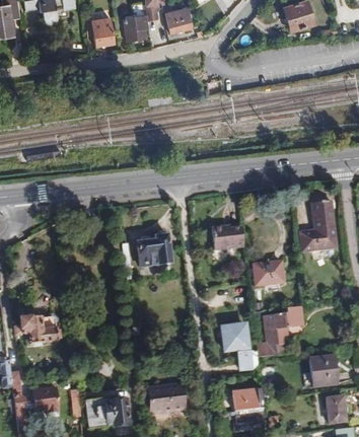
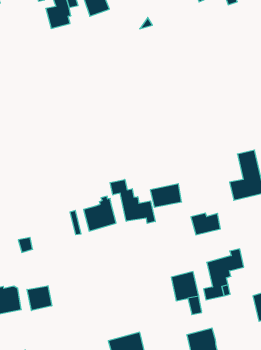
building: [91,17,115,46] -> none
building: none -> [110,179,155,223]
building: none -> [27,286,52,311]

